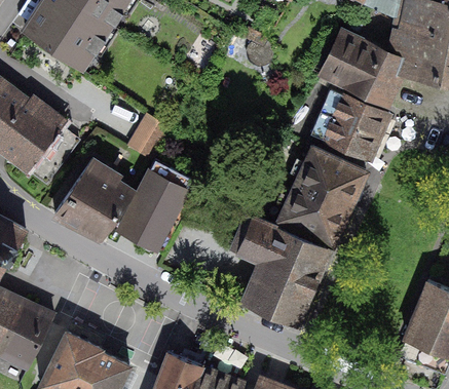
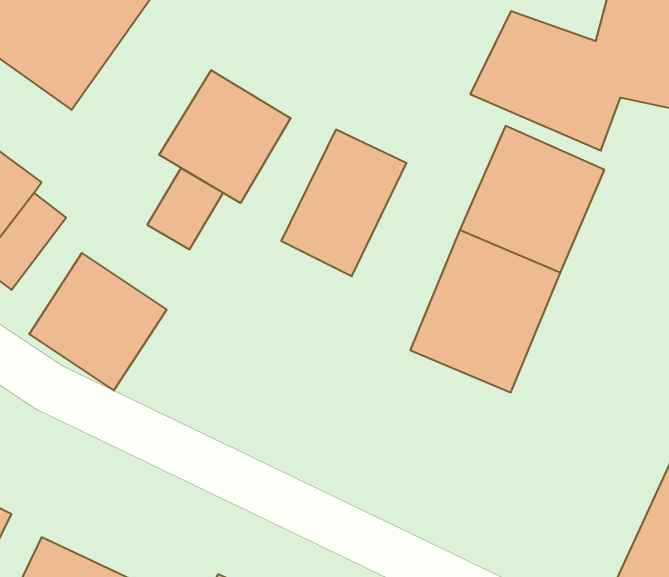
building: none -> [159,70,291,203]
building: [121,172,194,258] -> [281,130,407,276]
building: [234,219,334,337] -> none

